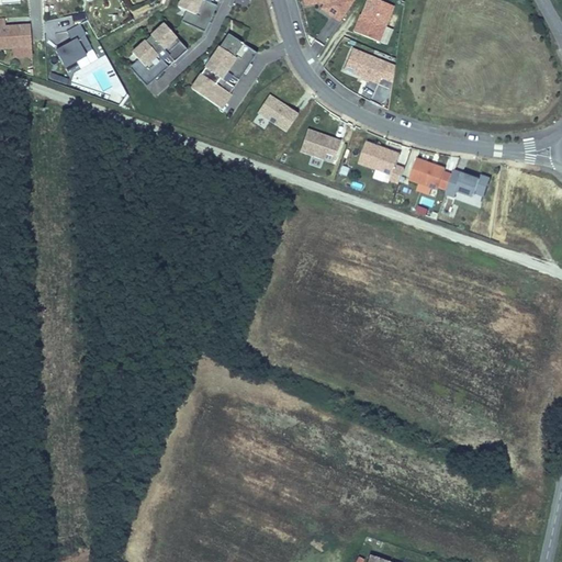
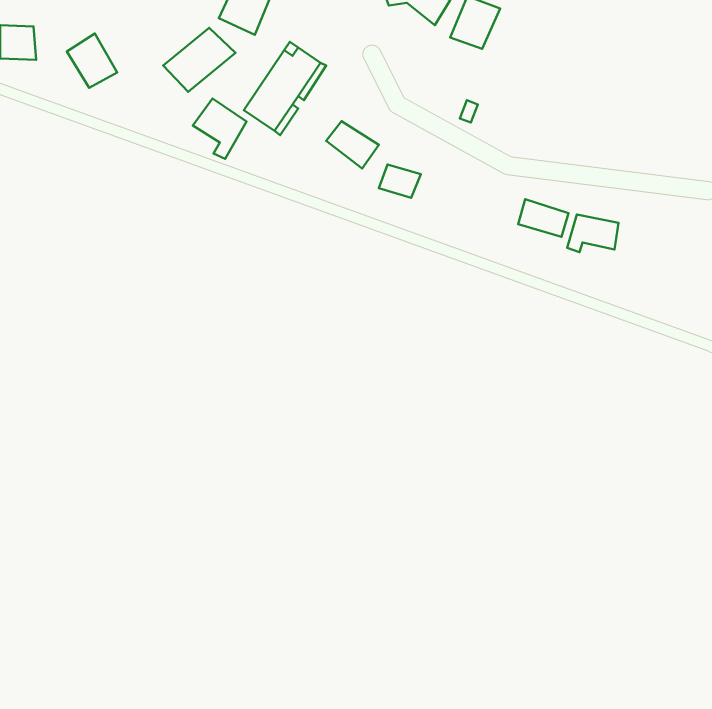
building: [348,50,398,85] -> none
building: none -> [193,99,247,159]
building: [360,143,398,172] -> none

